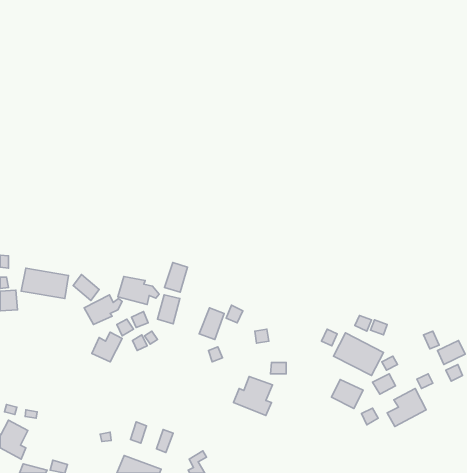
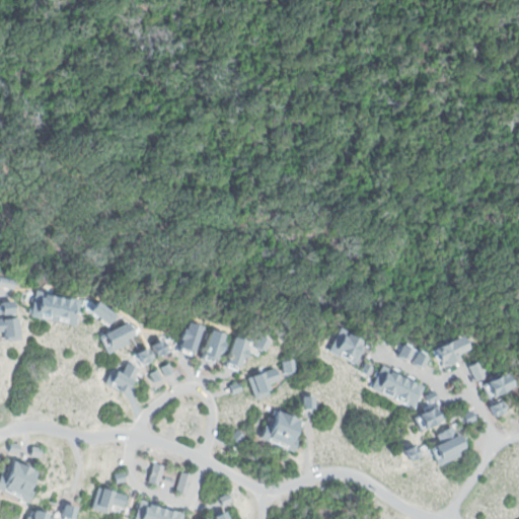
building: [164,262,188,292] -> [202,331,227,364]
building: [118,276,159,304] -> none
building: none -> [328,327,368,368]
building: none -> [432,333,469,371]
building: none -> [250,366,283,399]
building: [332,380,363,409] -> none
building: none -> [91,485,129,513]

